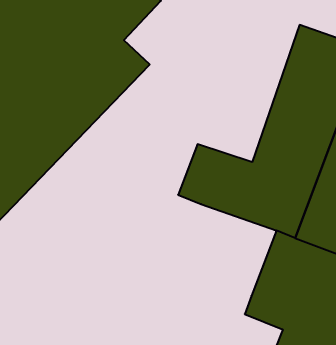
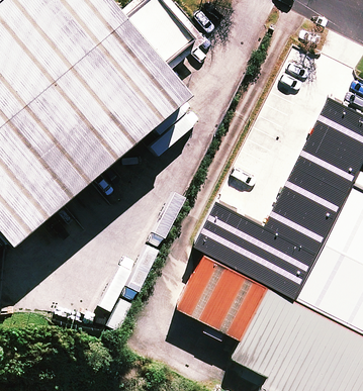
building: none -> [180,245,276,334]

